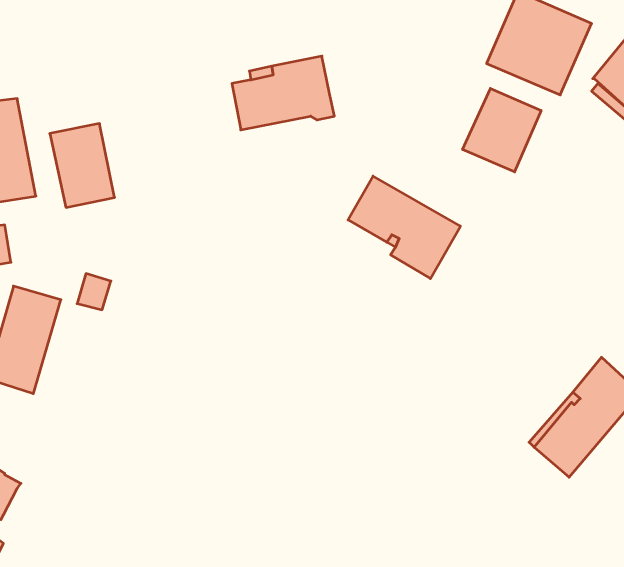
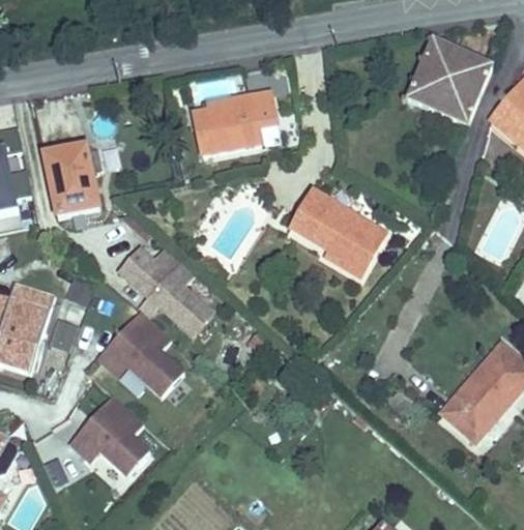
building: [463,88,541,172] -> none
building: none -> [114,242,214,336]
building: none -> [97,310,188,399]
building: none -> [67,395,152,476]

